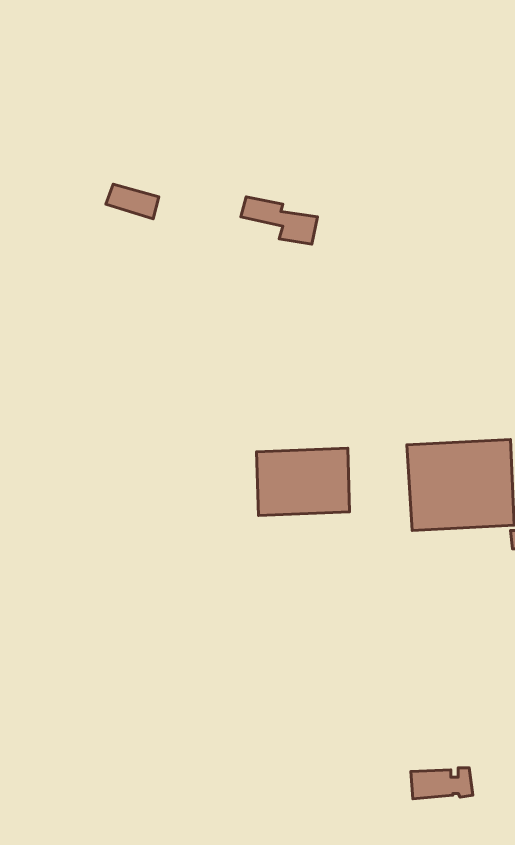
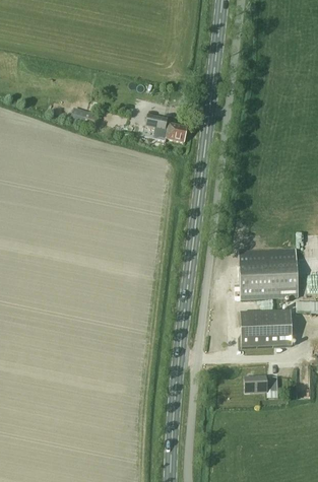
building: [257,448,350,516] -> [240,309,292,347]
building: [411,768,473,799] -> [244,373,278,391]

